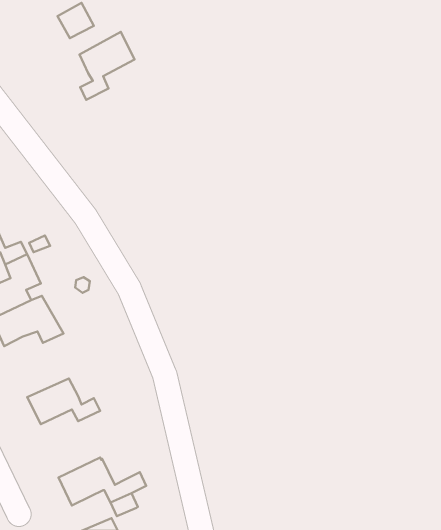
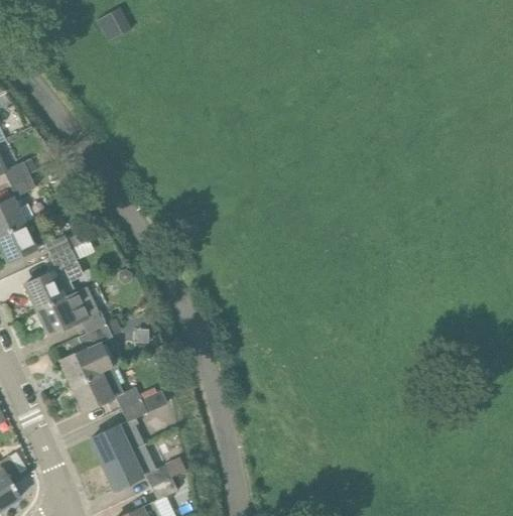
building: [79,32,134,100] -> none
building: none -> [59,324,112,385]
building: none -> [90,389,167,463]

